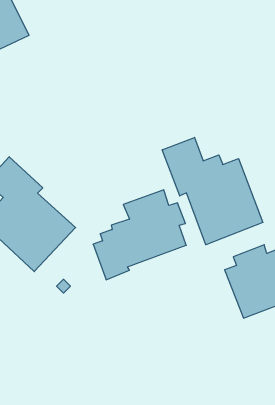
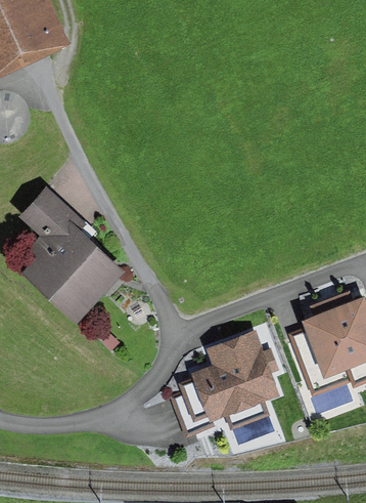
building: [162,137,263,245] -> none
building: [93,190,186,280] -> [171,331,281,437]

